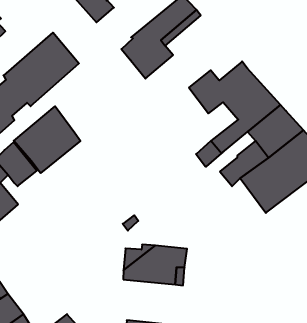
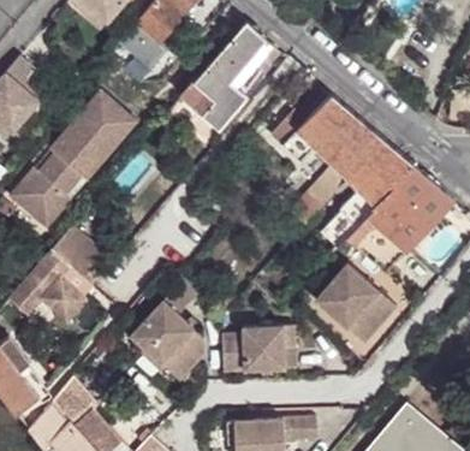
building: [14,106,80,173] -> none
building: none -> [315,265,395,344]
building: none -> [130,299,203,381]

